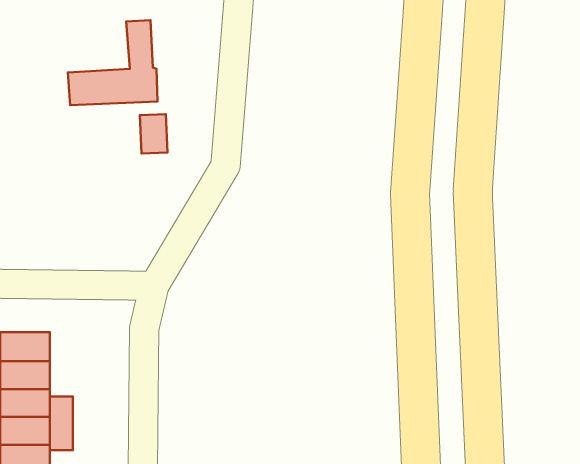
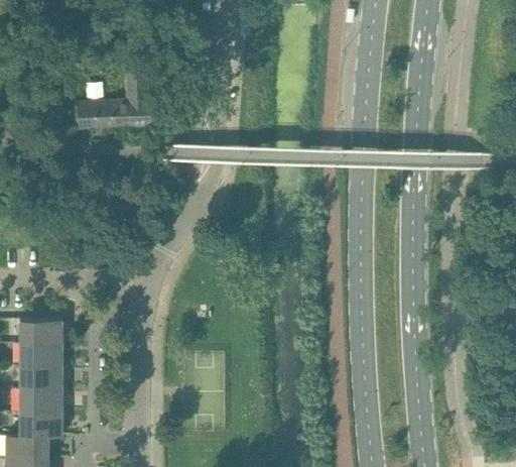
building: [140,114,167,154] -> none
building: [50,397,73,450] -> none

